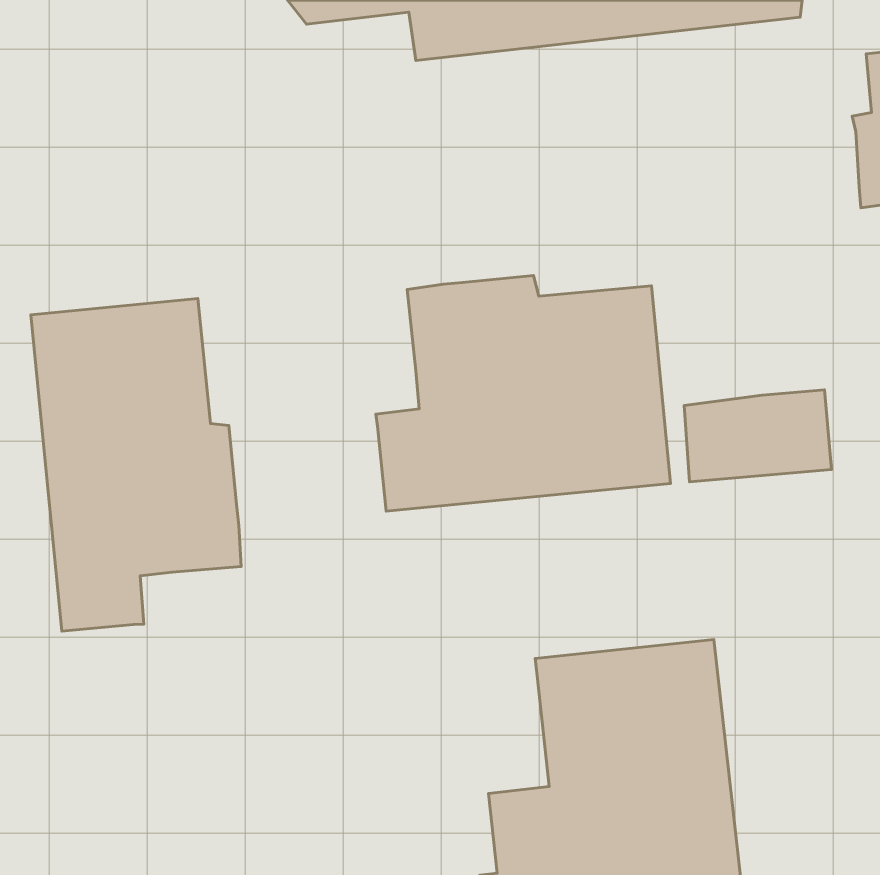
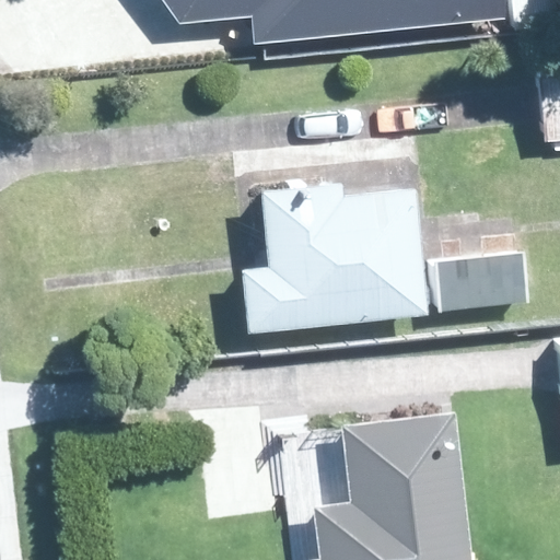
building: [31,298,241,631] -> none

